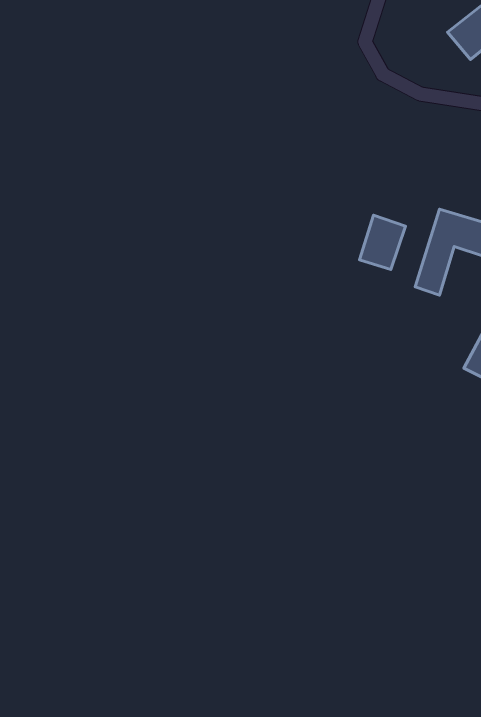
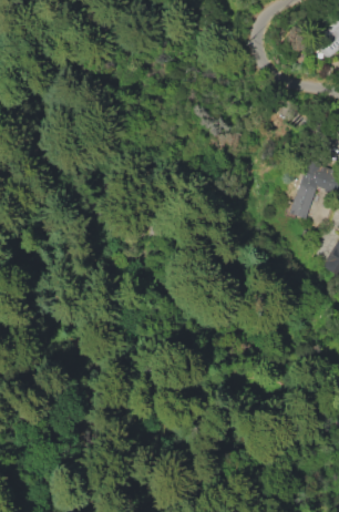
building: [360,215,406,269] -> none

